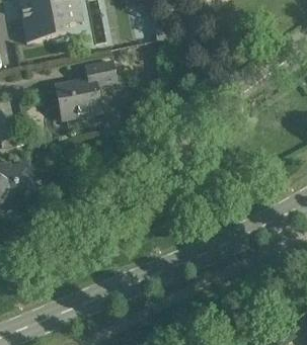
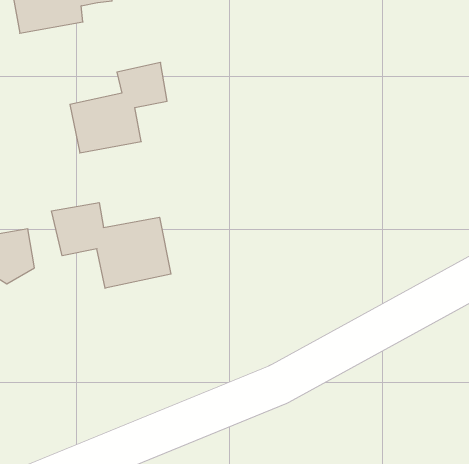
building: none -> [52,203,171,288]

